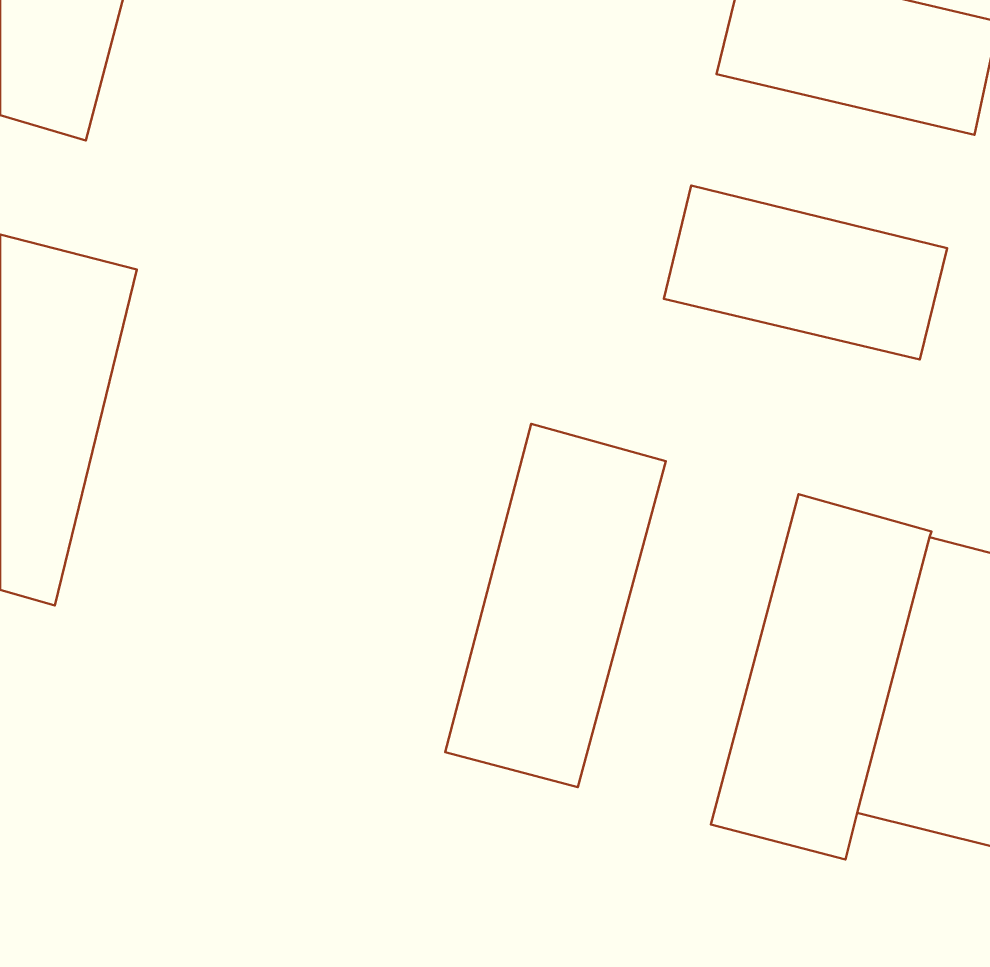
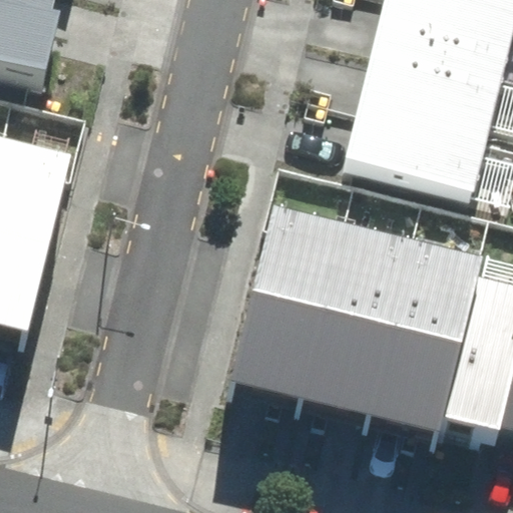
building: none -> [359,38,504,127]
building: none -> [301,236,414,423]

